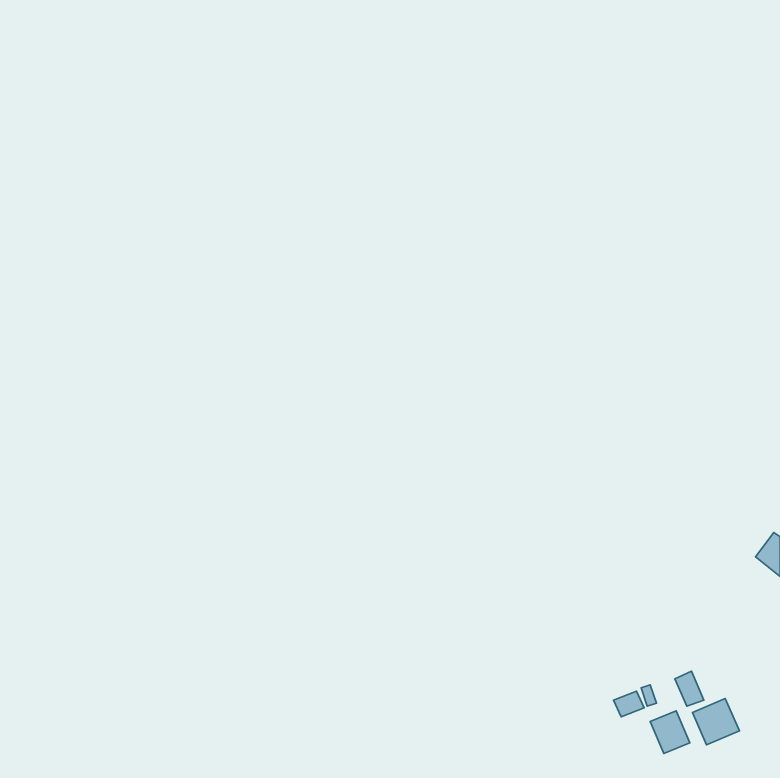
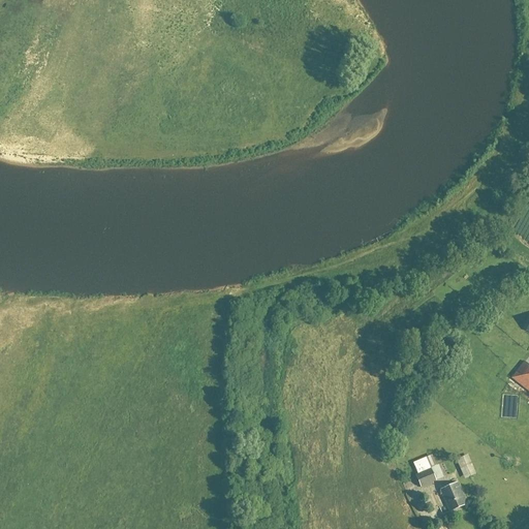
building: [692,698,740,745] -> none

